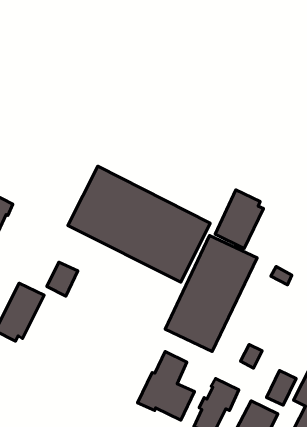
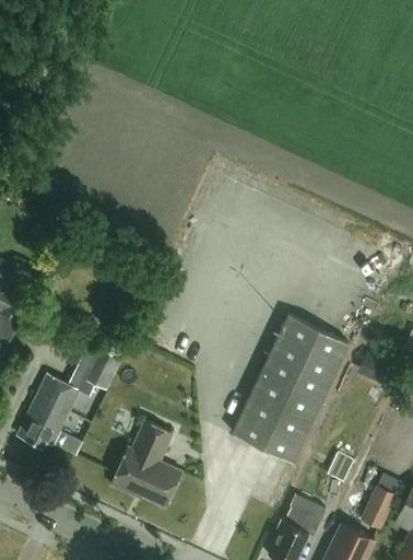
building: [68,166,210,282] -> none
building: [215,190,263,249] -> none
building: [137,352,195,420] -> [110,421,182,508]

